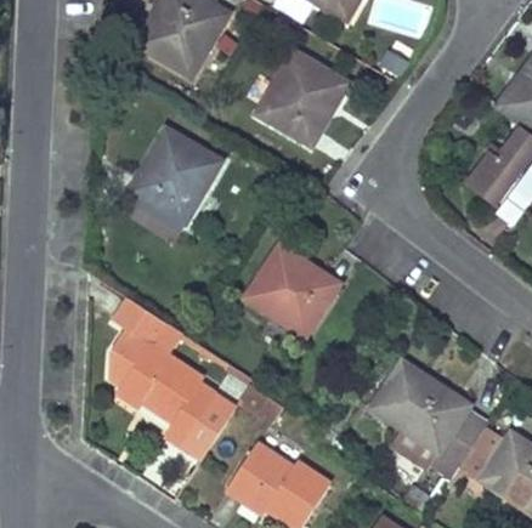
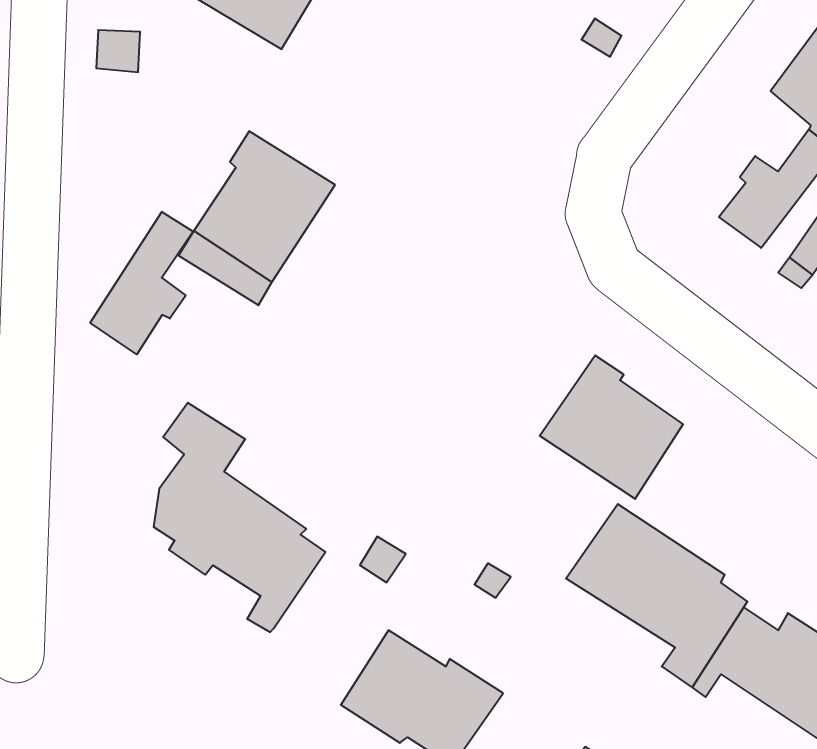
building: [257,53,347,146] -> none
building: none -> [90,212,193,354]
building: [243,246,334,337] -> [540,355,683,499]
building: [183,393,236,455] -> none

